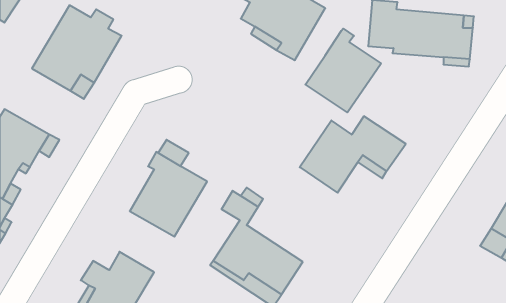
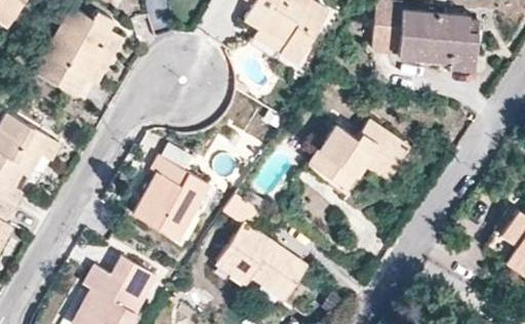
building: [305,29,381,112] -> none

